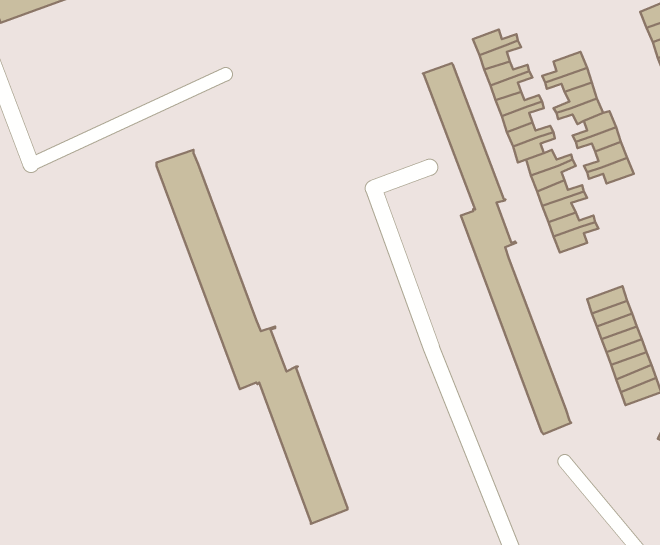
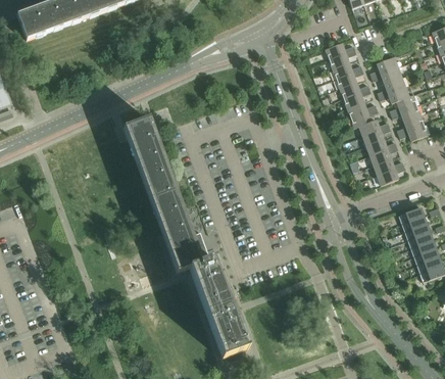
building: [423,63,571,434] -> none

